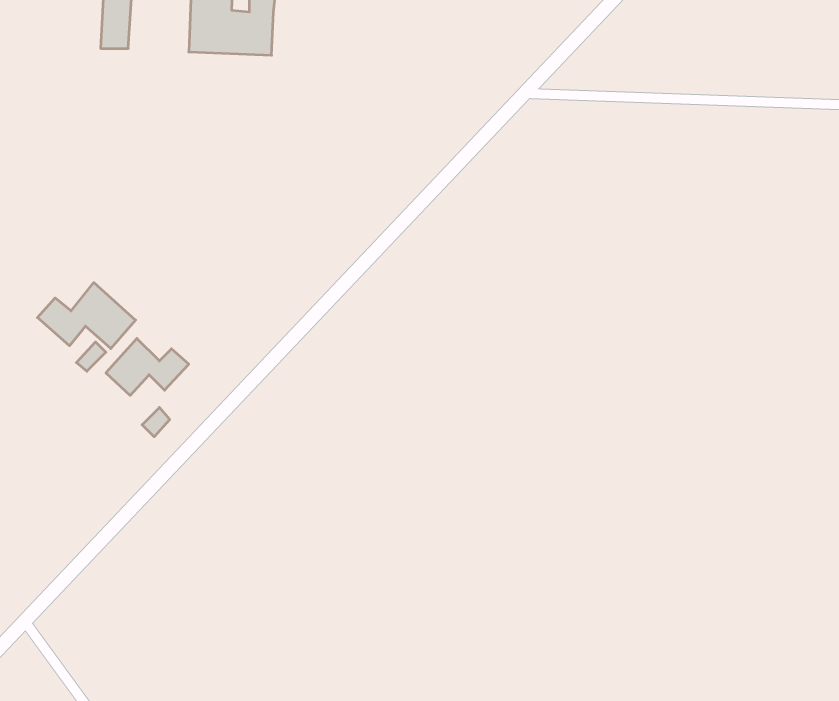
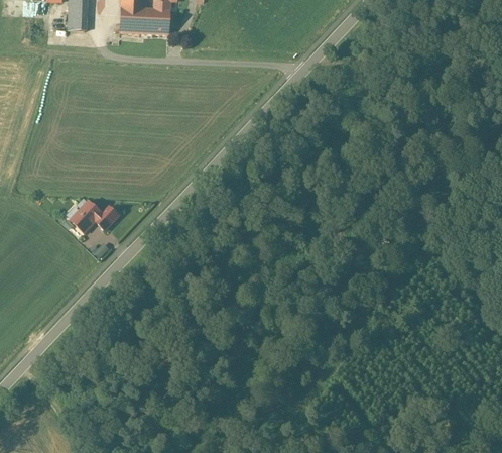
building: [37,283,136,349] -> none

